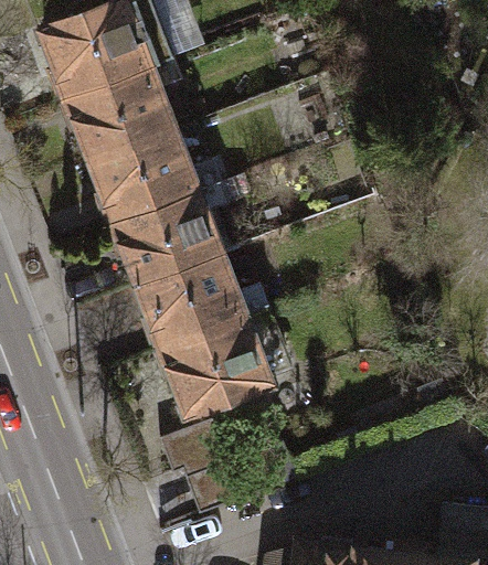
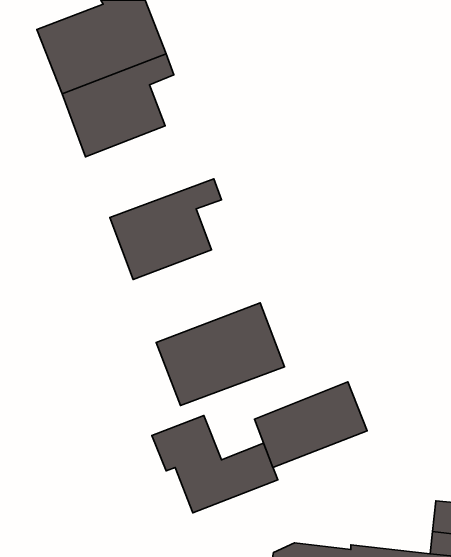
building: [87,134,215,225] -> none
building: [135,257,262,350] -> none
building: none -> [254,382,367,467]

